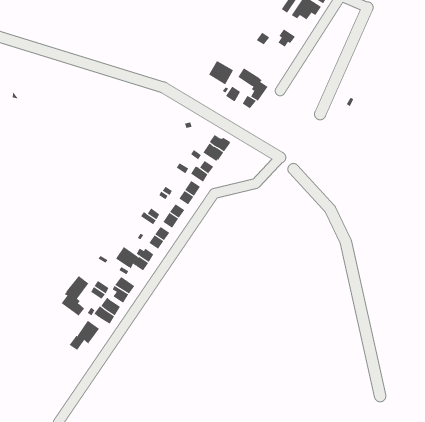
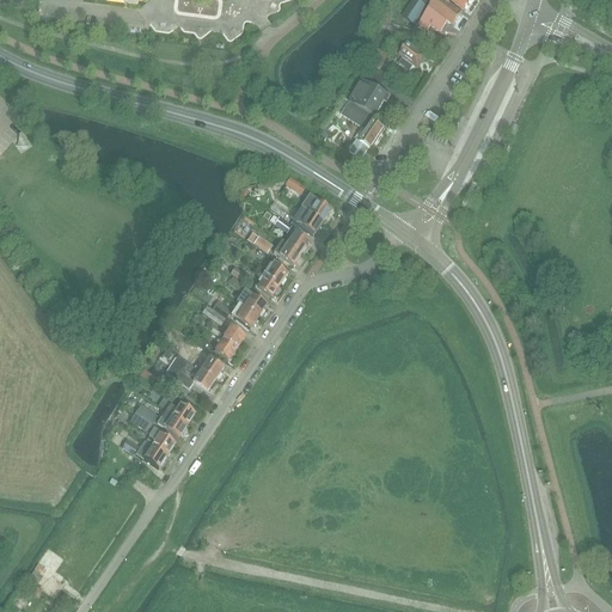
building: [208,60,234,85] -> [349,76,386,112]
building: [61,275,89,317] -> none
building: [69,320,100,351] -> none

